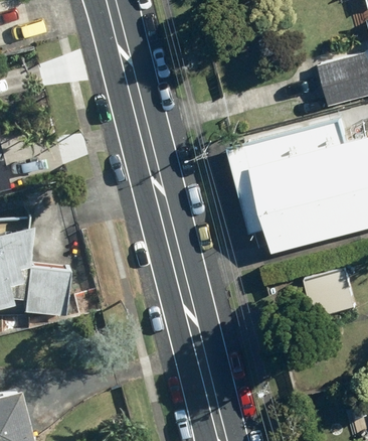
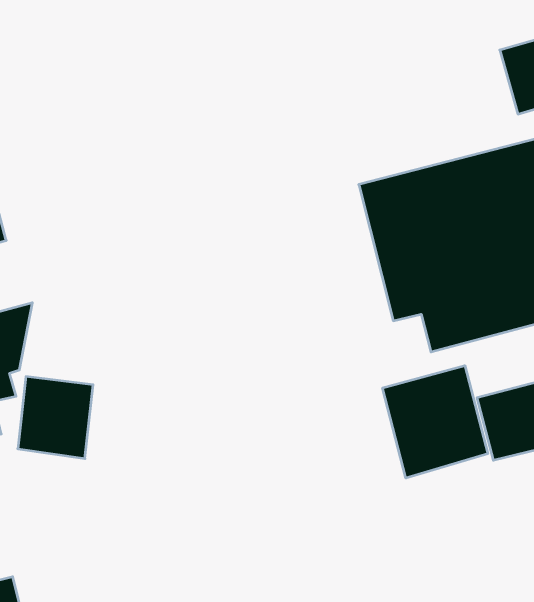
building: none -> [383,366,488,478]

